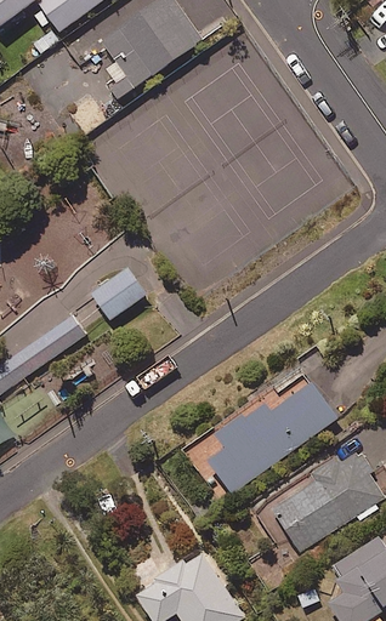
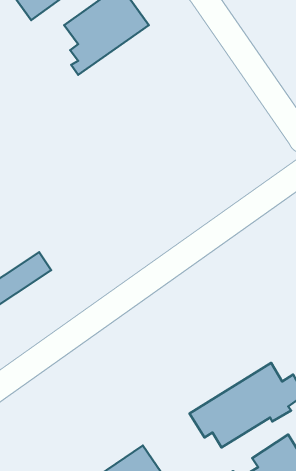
building: [91,264,149,318] -> none
building: [208,386,334,492] -> none

